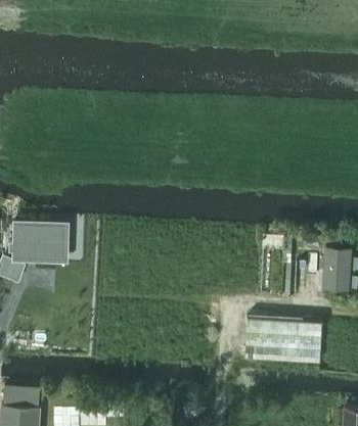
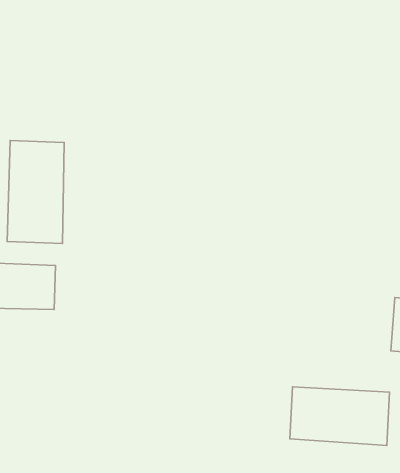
building: none -> [7,141,64,244]

